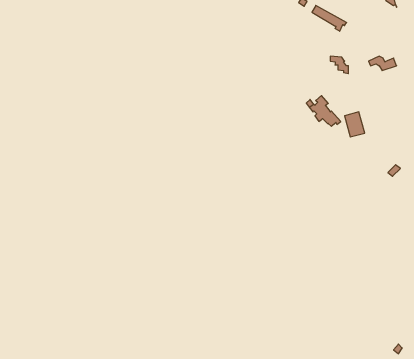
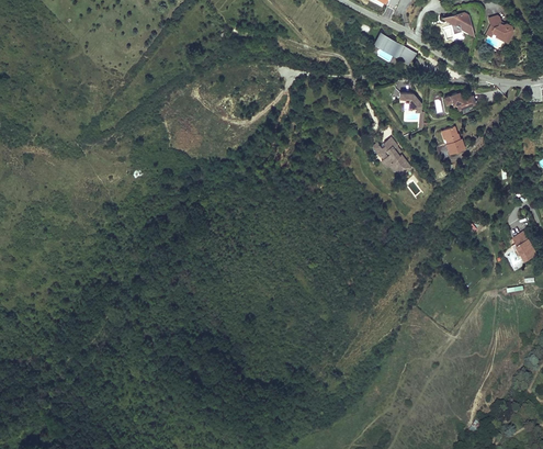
building: [345,112,365,137] -> [440,126,463,155]

